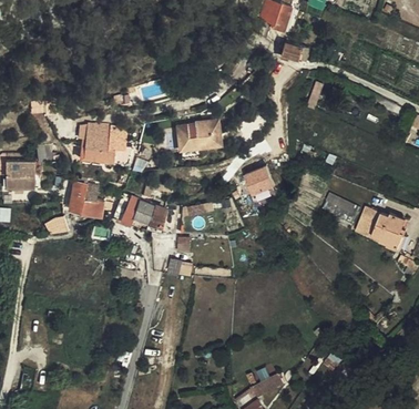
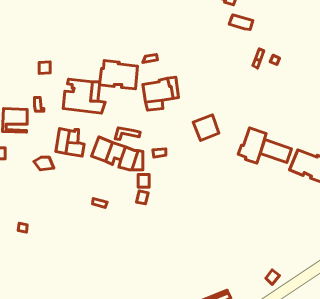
building: none -> [99,60,138,89]
building: none -> [238,128,266,163]

